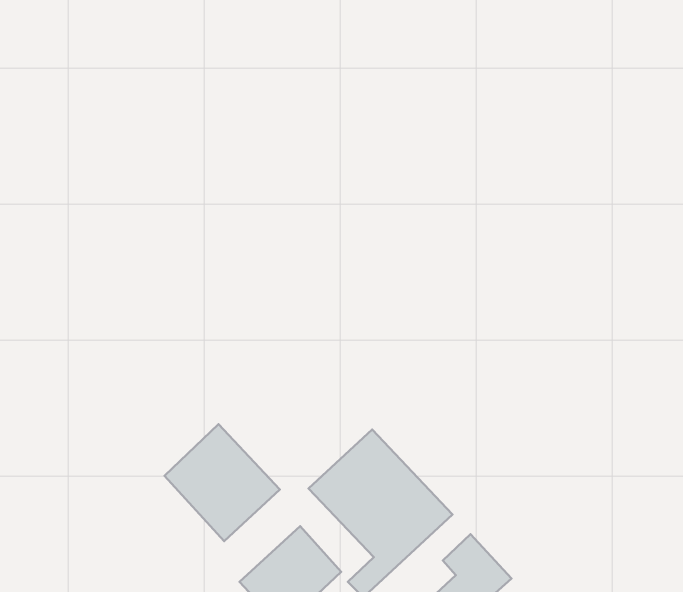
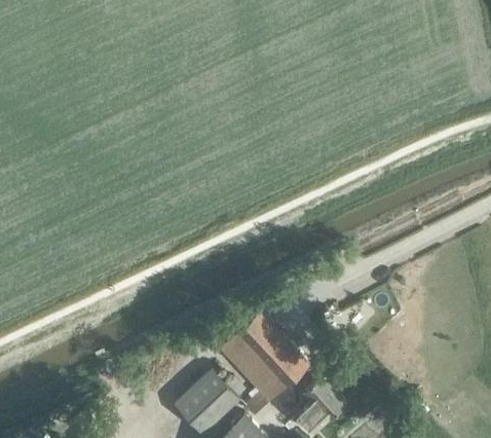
building: [165,424,280,541] -> none

